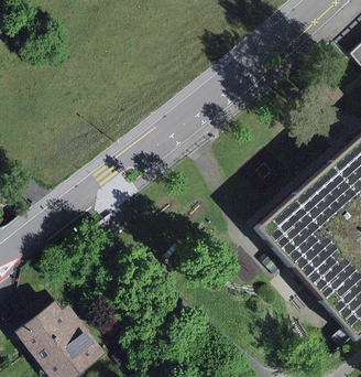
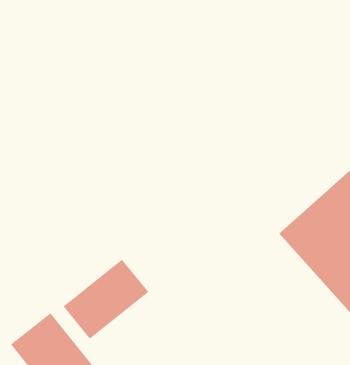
building: none -> [63,259,149,340]

